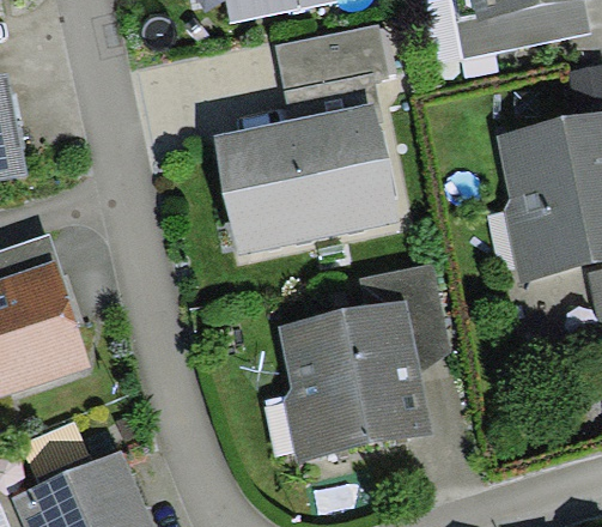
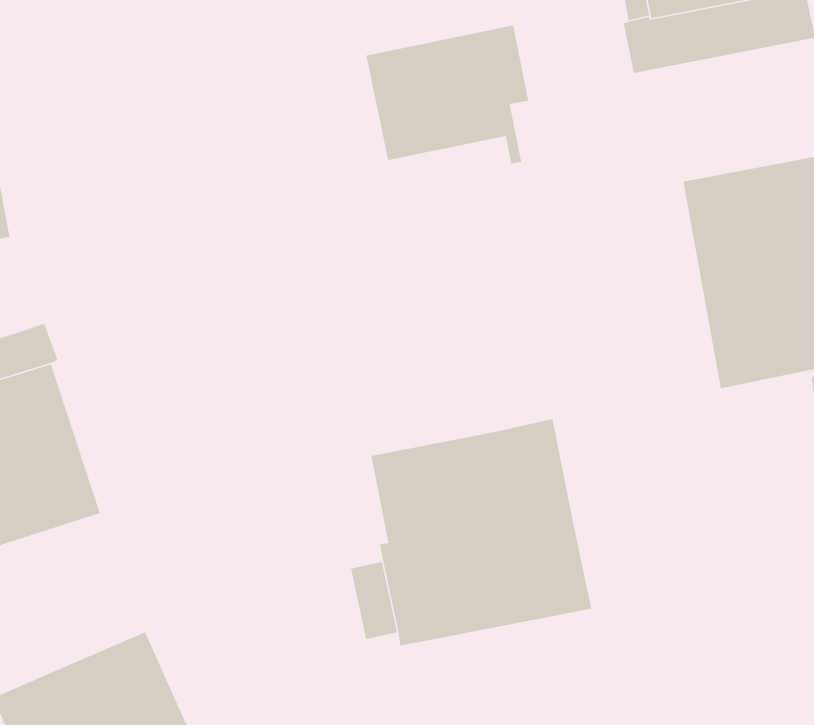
building: [213,103,397,255] -> none
building: [363,264,451,372] -> none

